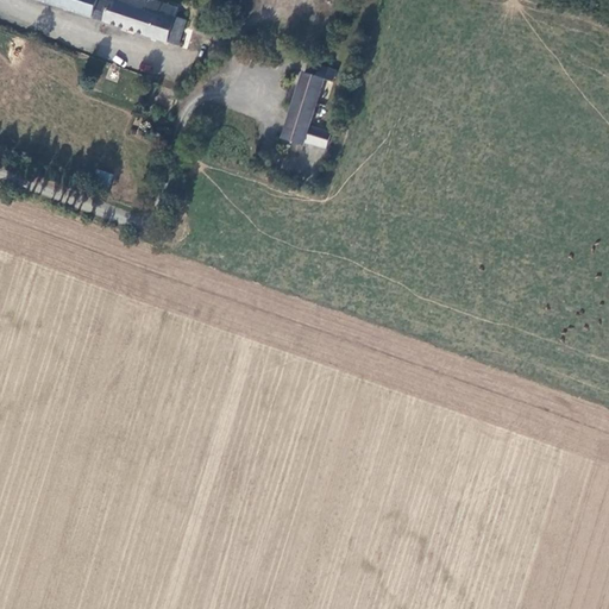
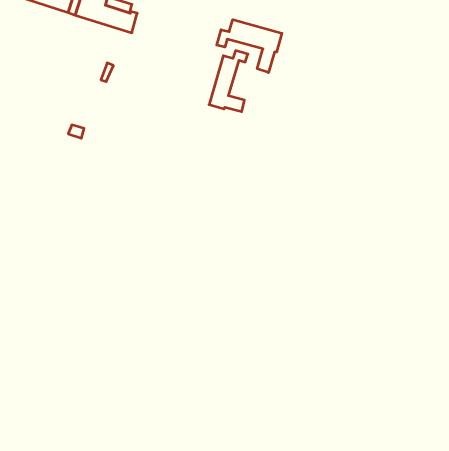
building: none -> [217,20,282,73]

